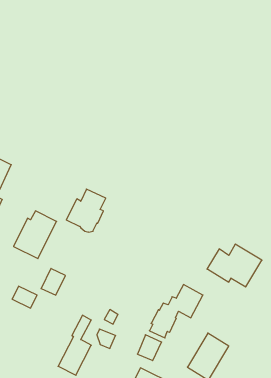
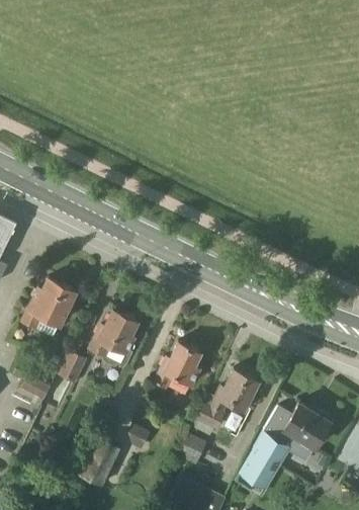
building: [66,189,106,232] -> [87,311,137,364]
building: [207,244,262,287] -> [263,400,332,453]
building: none -> [154,343,200,388]

